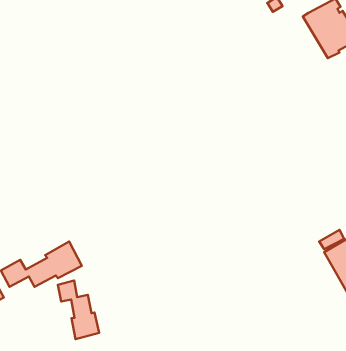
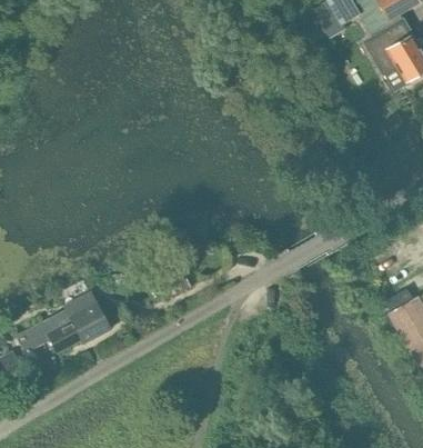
building: [58,281,99,339] -> none

